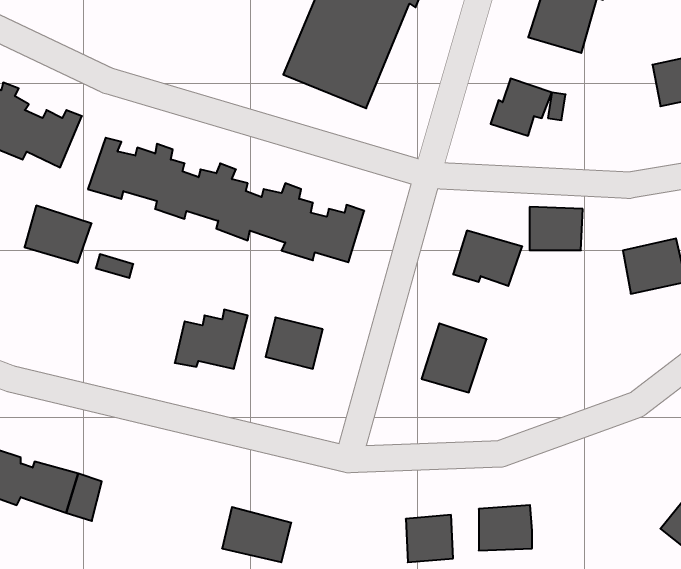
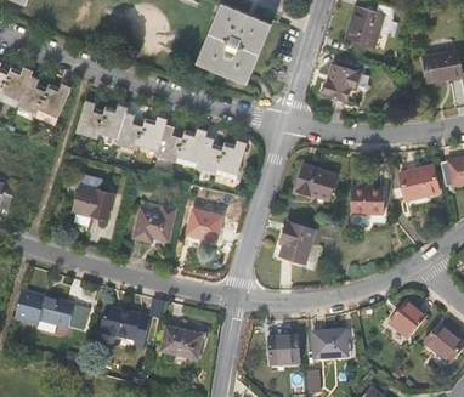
building: [24,206,92,263] -> [72,188,113,223]
building: [530,207,583,250] -> [353,183,386,210]
building: none -> [392,297,430,336]
building: none -> [95,308,146,355]

